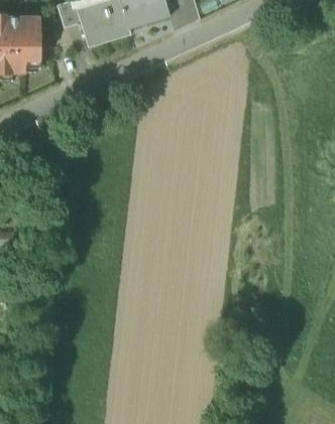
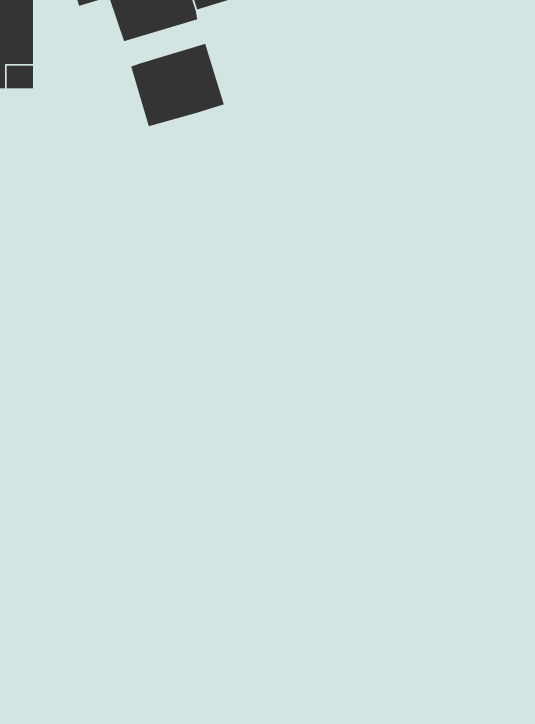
building: none -> [130,43,225,127]

